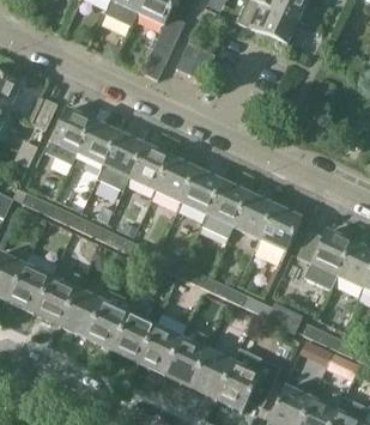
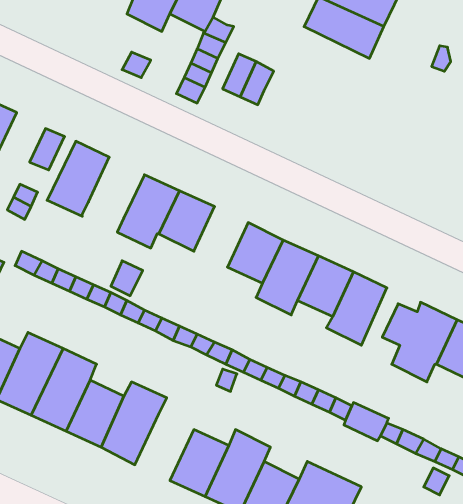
building: [71,120,117,168] -> none
building: [154,157,195,202] -> none
building: [110,312,154,363] -> none

